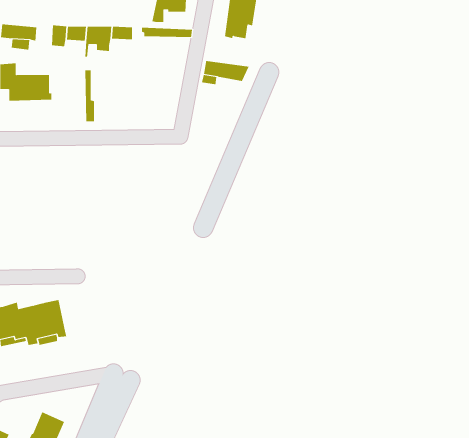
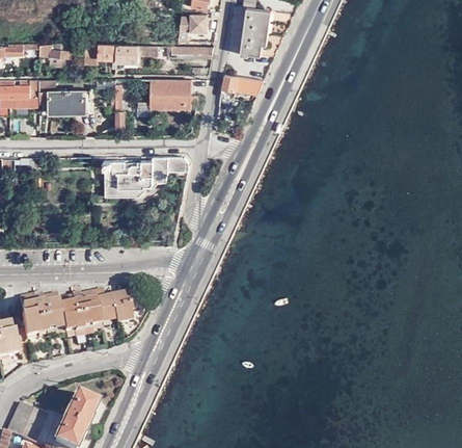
building: none -> [151,80,198,109]
building: none -> [104,156,189,197]
building: none -> [92,290,131,322]

